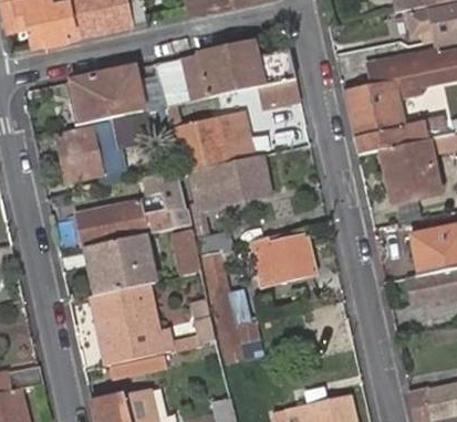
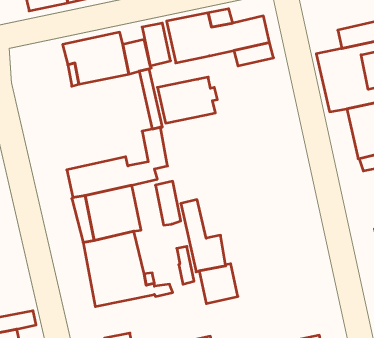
building: [58,125,123,183] -> none
building: [191,154,269,251] -> none
building: [249,232,316,286] -> none

